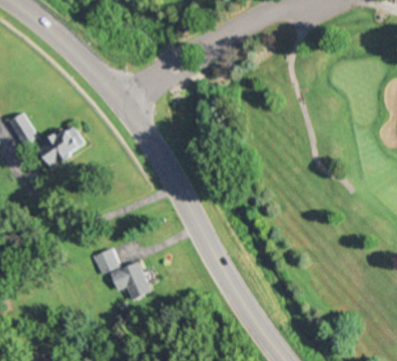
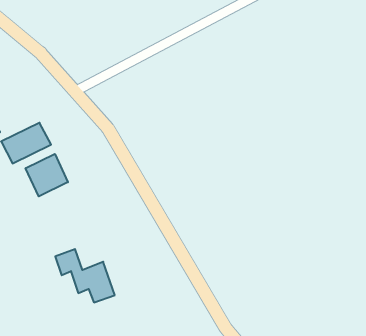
building: none -> [26,154,68,196]

